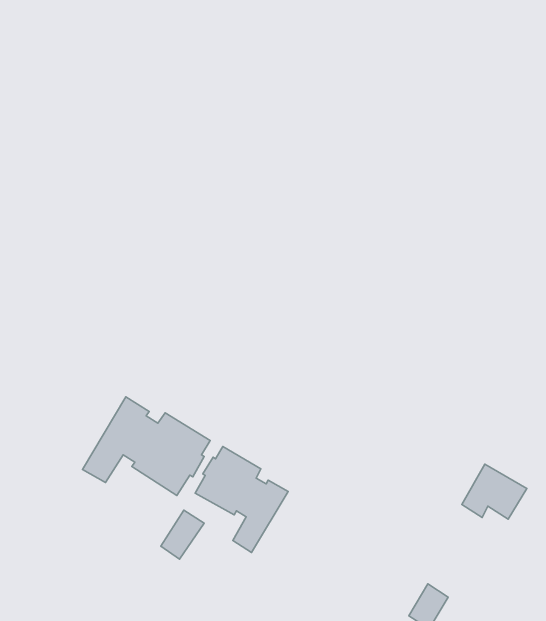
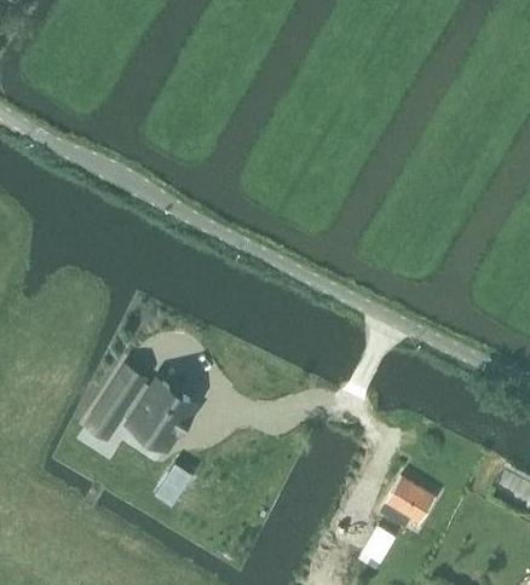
building: [195,447,288,552] -> none
building: [462,464,527,519] -> [379,476,433,522]

